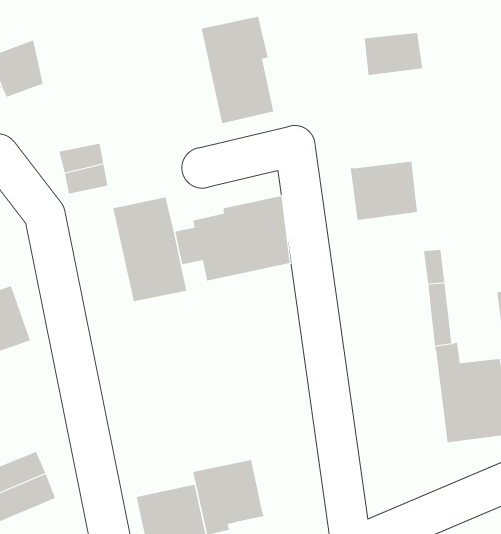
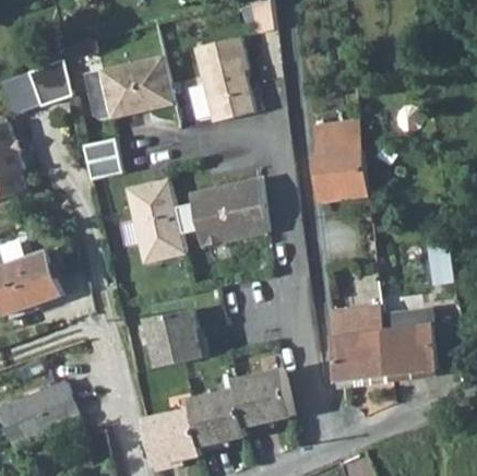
building: [364,33,423,75] -> [314,124,361,158]
building: none -> [83,56,172,119]
building: none -> [331,304,389,381]
building: none -> [143,310,204,367]
building: none -> [232,369,289,430]

